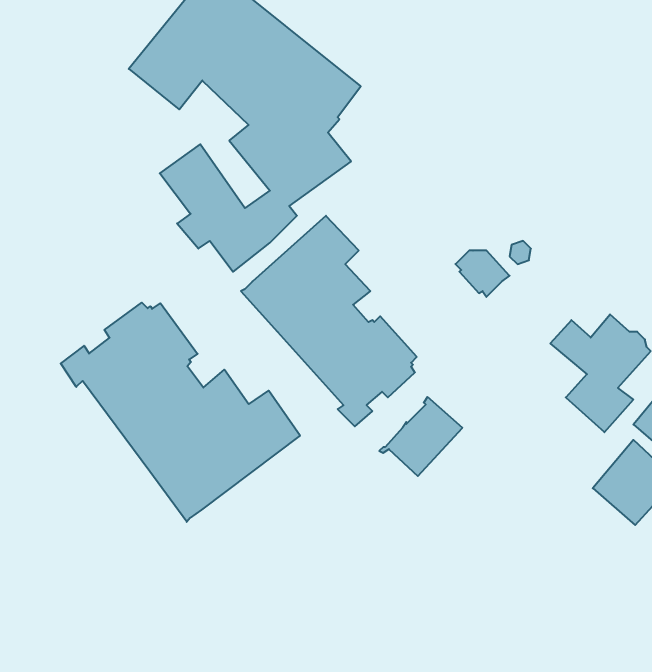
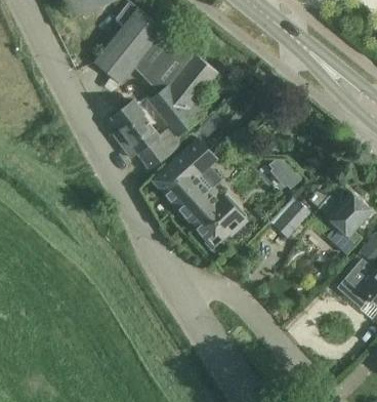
building: [61,303,300,522] -> none
building: [379,397,462,476] -> [265,196,309,238]

